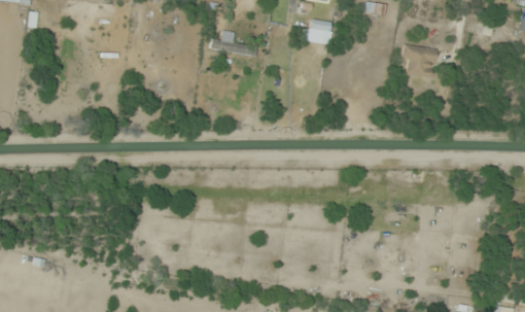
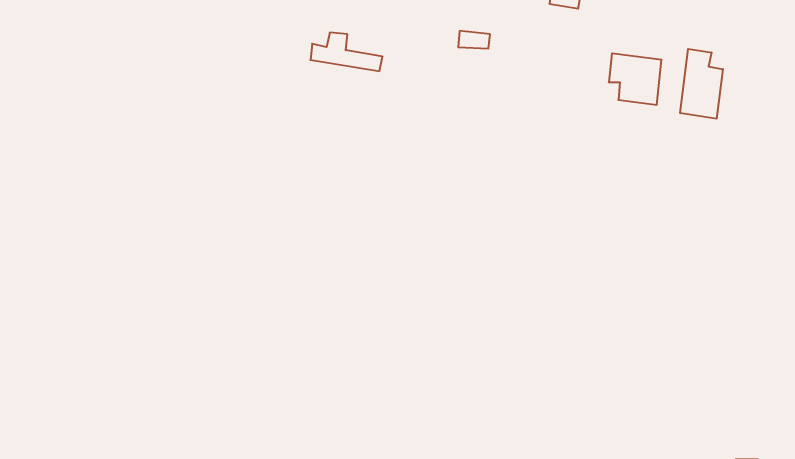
building: none -> [680,49,723,119]

